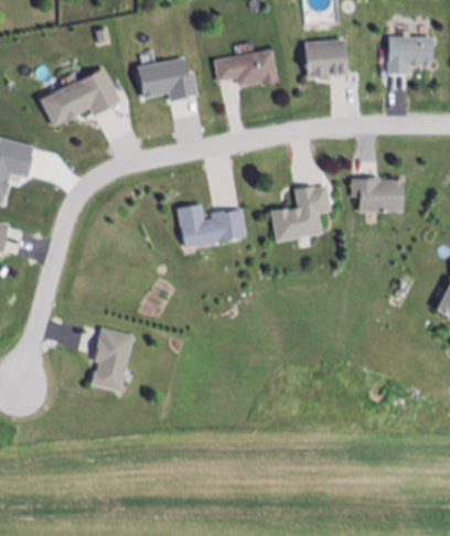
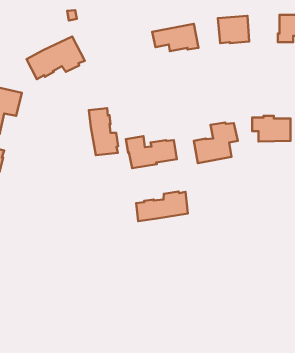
building: [136,60,196,103] -> none
building: none -> [89,108,118,155]
building: none -> [136,191,188,221]
building: [92,329,135,393] -> none

